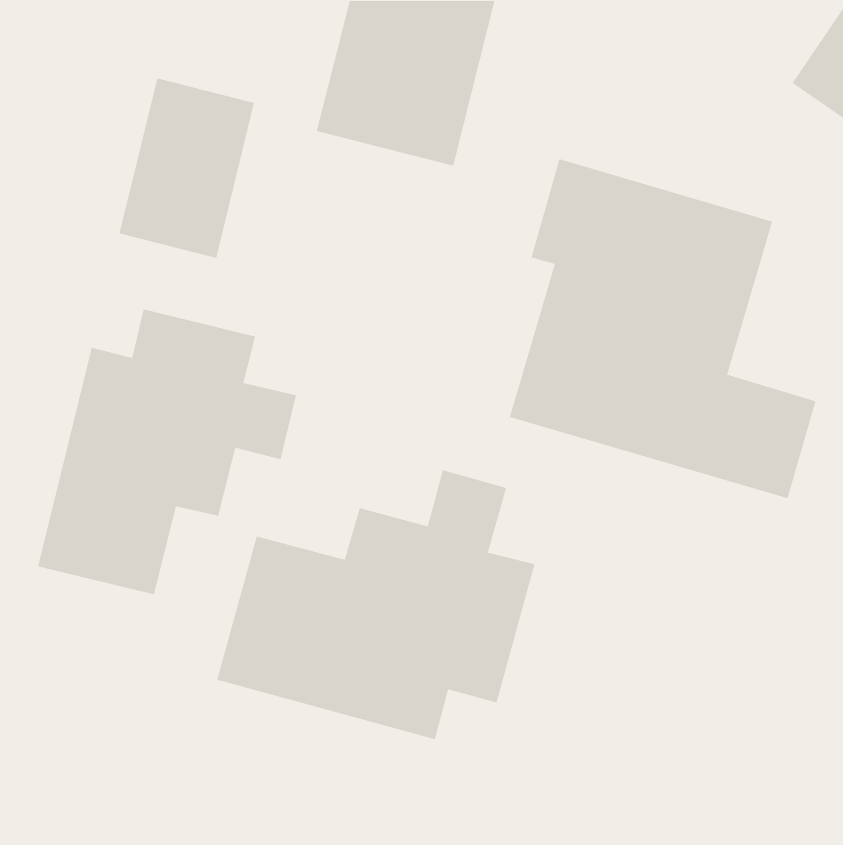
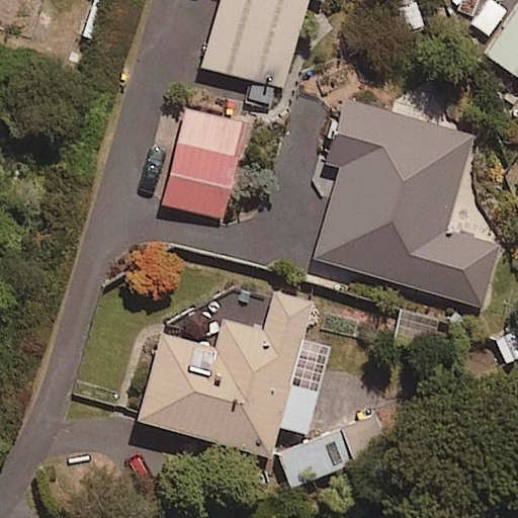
building: [119,77,255,259] -> [163,109,246,220]
building: [37,309,297,595] -> none

